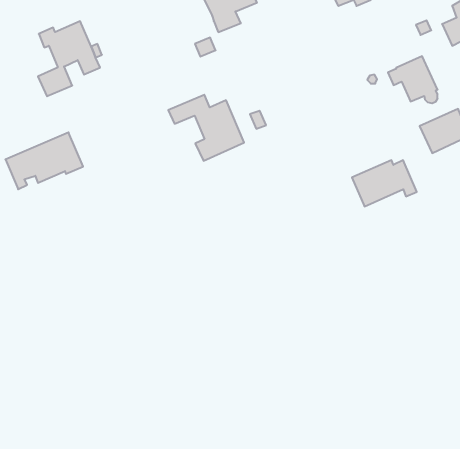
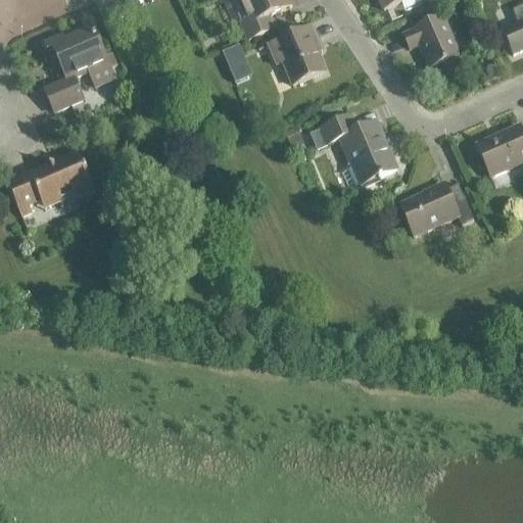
building: none -> [268,23,325,83]
building: [388,56,438,103] -> [403,14,460,67]
building: [168,95,244,161] -> [311,113,396,188]

